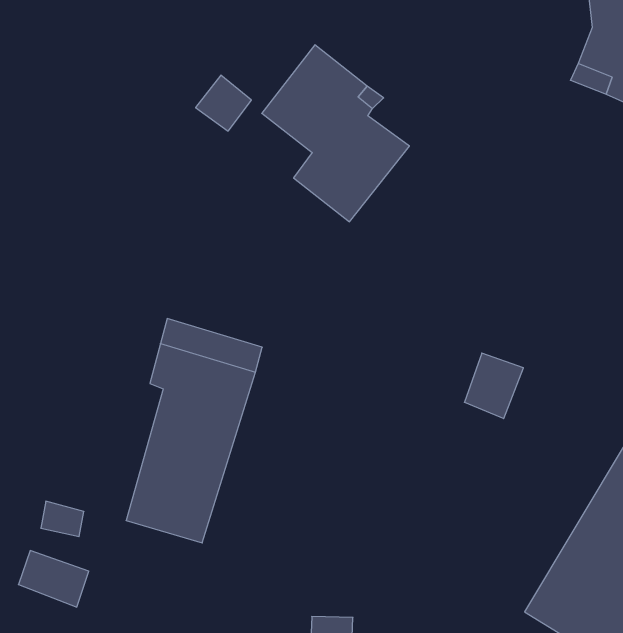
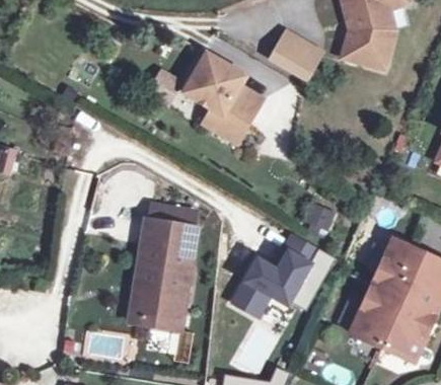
building: none -> [272,32,320,77]
building: none -> [129,237,179,325]
building: none -> [219,236,306,316]

